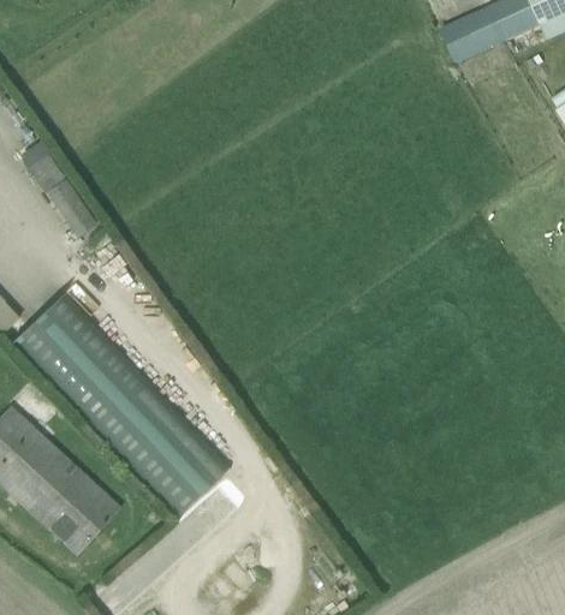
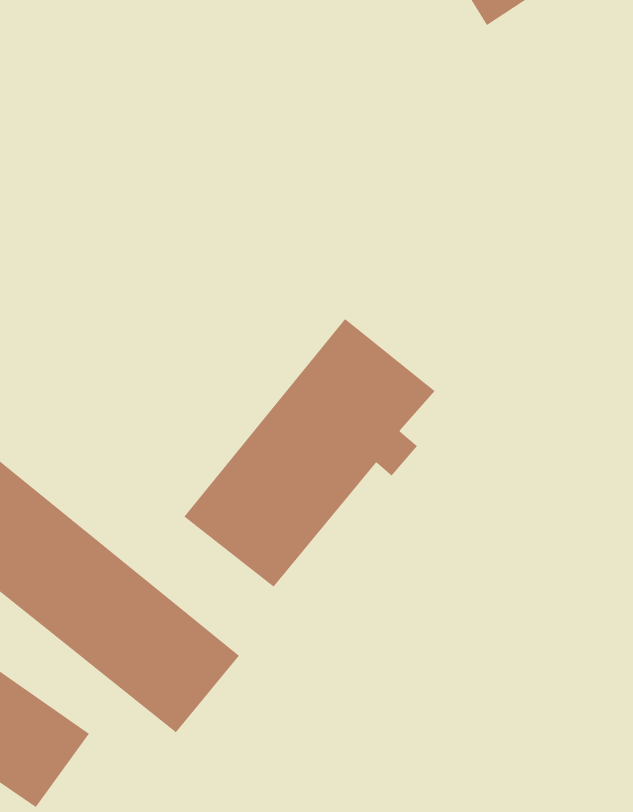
building: none -> [184,318,435,587]

